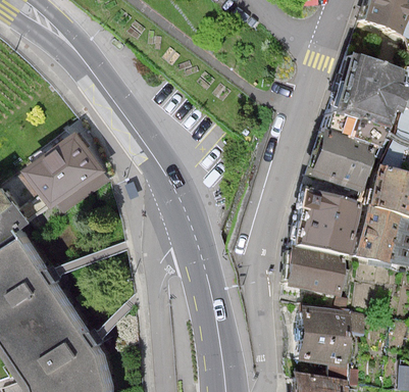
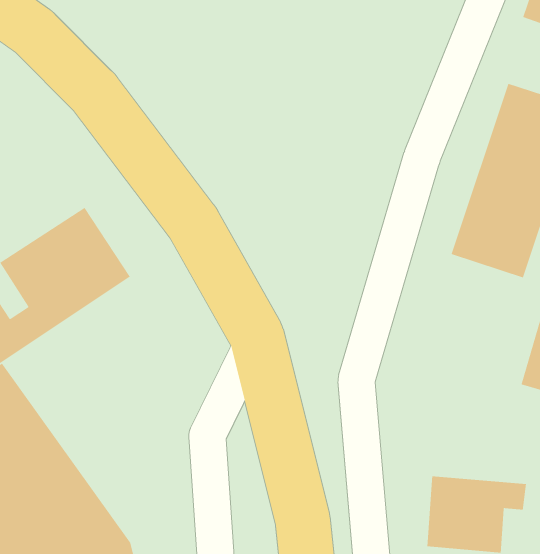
building: [297,194,356,253] -> none
building: [288,250,343,293] -> none

